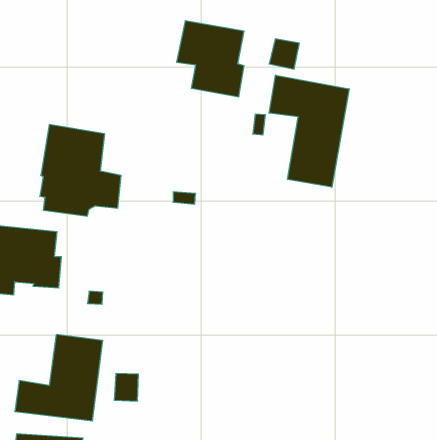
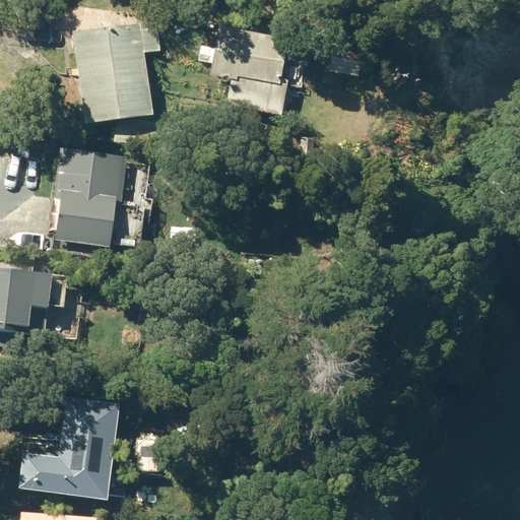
building: none -> [72,20,159,148]
building: [269,75,349,187] -> none

